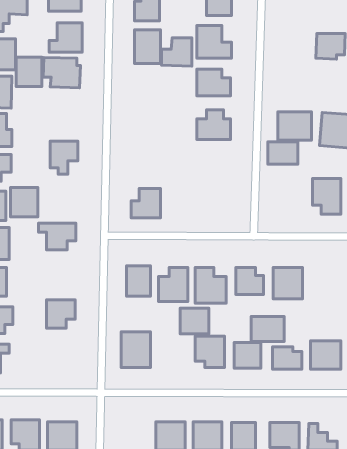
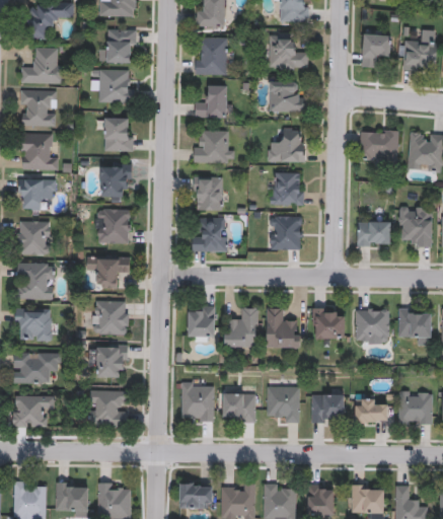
building: none -> [362,34,391,67]
building: [162,38,192,66] -> [195,86,229,119]
building: [16,57,42,87] -> [103,118,133,151]
building: none -> [193,131,232,163]
building: [268,142,298,164] -> [357,221,391,246]
building: none -> [271,173,302,206]
building: none -> [194,176,221,210]
building: none -> [271,216,301,249]
building: [10,187,38,217] -> [98,210,130,243]
building: none -> [92,300,129,335]
building: none -> [397,310,431,341]
building: [180,308,209,334] -> [223,392,255,422]
building: [251,317,284,342] -> none
building: none -> [88,390,126,427]
building: none -> [178,484,212,508]

